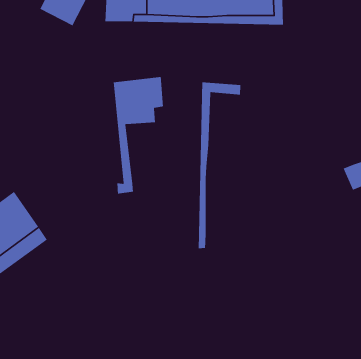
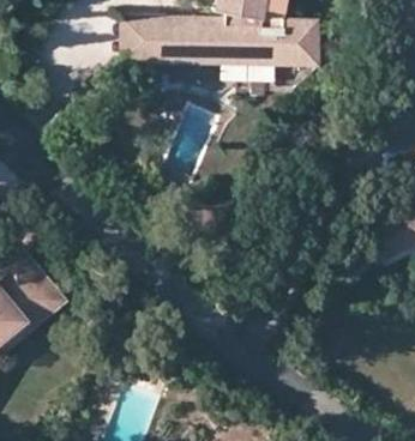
building: [113,76,164,194] -> none
building: [198,82,241,249] -> none

